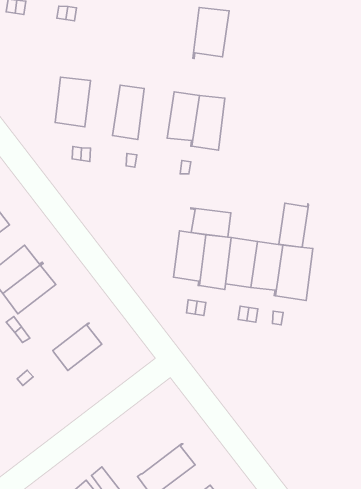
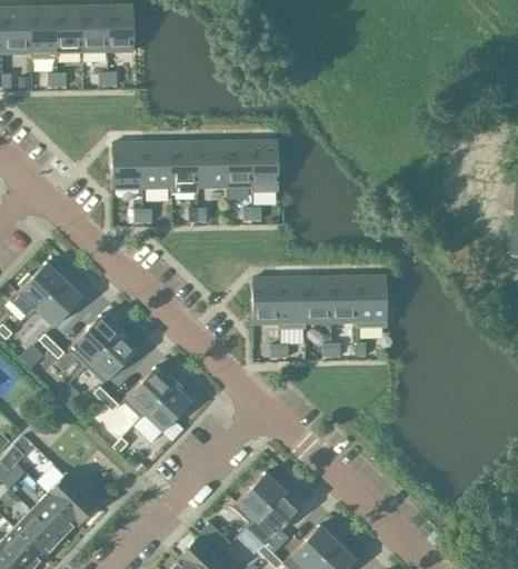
building: [193,7,229,58] -> [197,141,227,193]
building: none -> [142,142,172,193]
building: [279,203,309,247] -> none
building: [191,208,231,237] -> none
building: none -> [123,367,176,419]
building: none -> [232,472,286,523]

